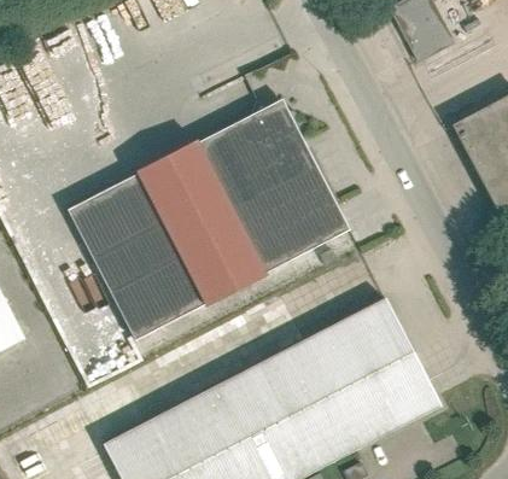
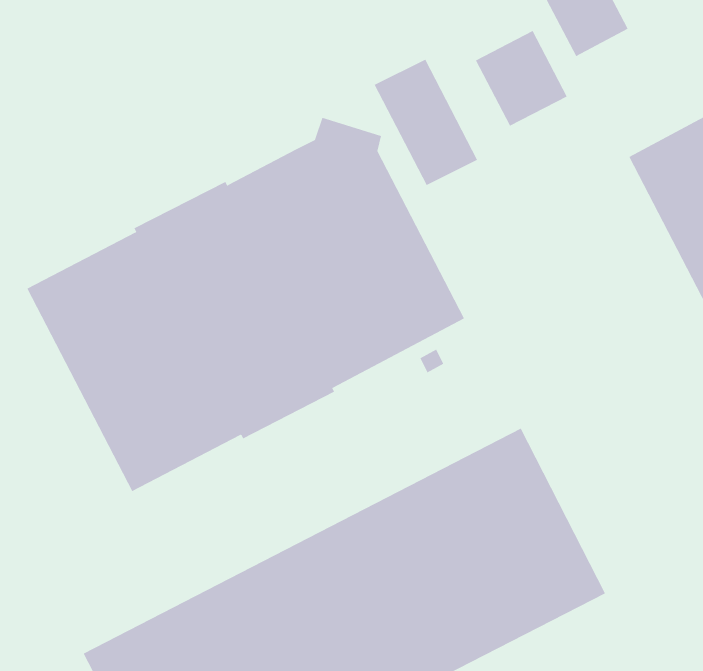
building: none -> [475,30,568,126]
building: none -> [374,59,478,186]

